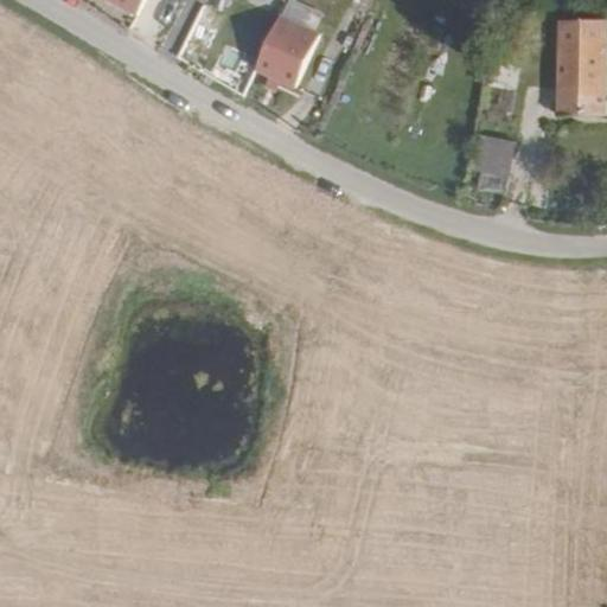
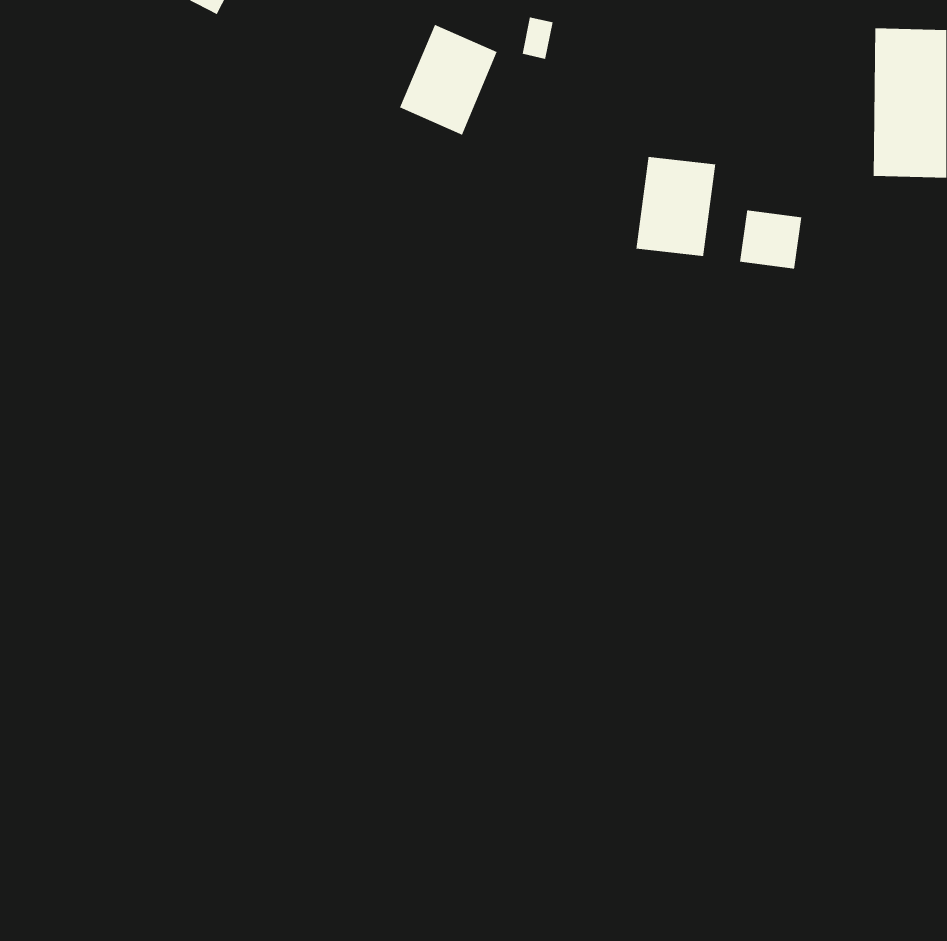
building: none -> [636,156,716,257]

